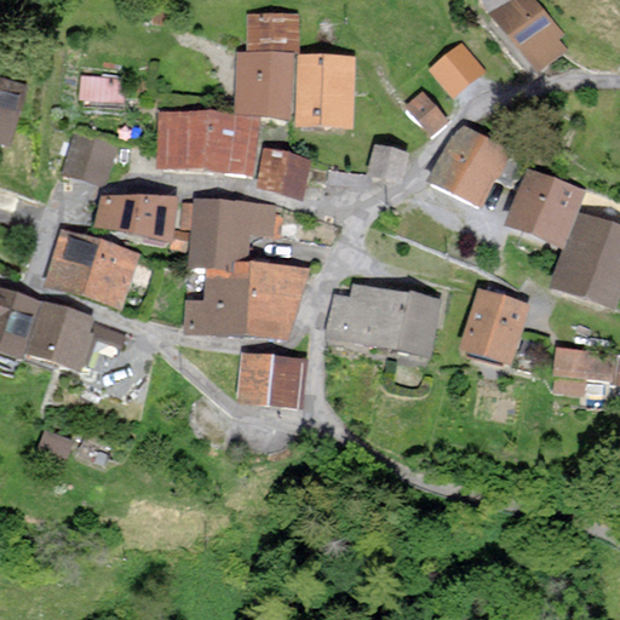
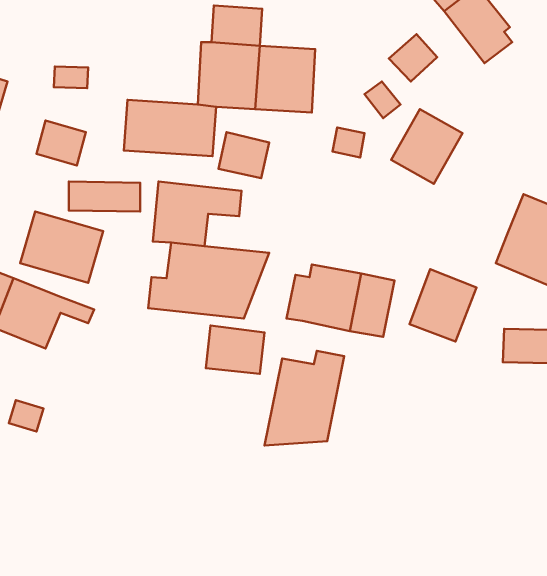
building: [503,166,585,252] -> none
building: none -> [264,351,344,445]

